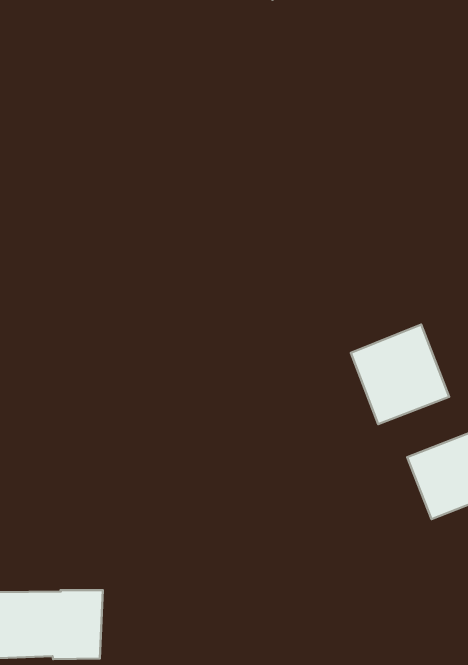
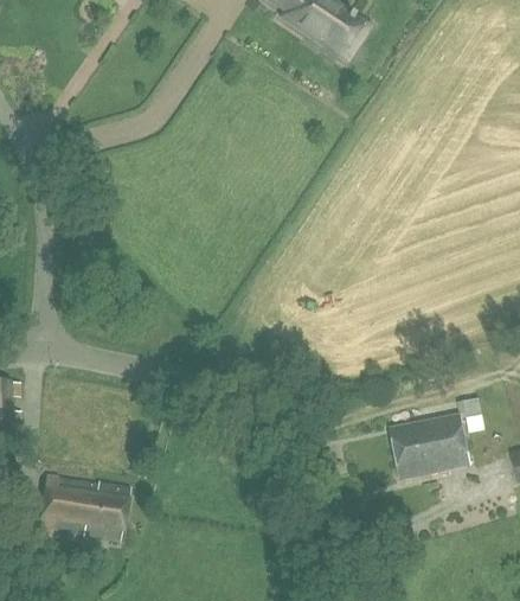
building: [351,324,449,424] -> none

